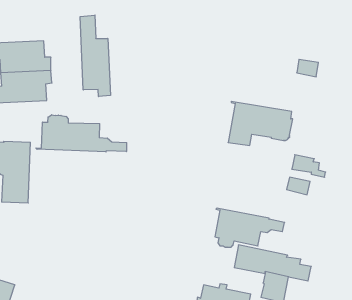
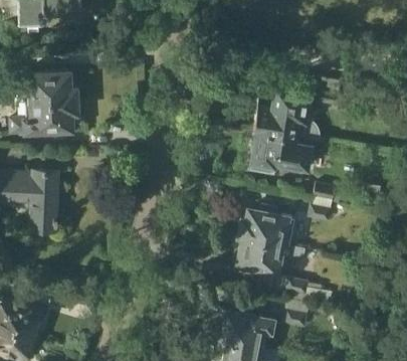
building: [80,15,110,97] -> none
building: none -> [254,88,321,143]
building: [36,115,127,152] -> none
building: none -> [240,210,295,246]

